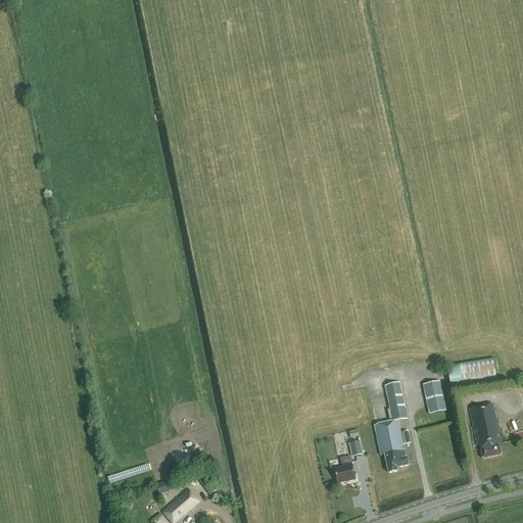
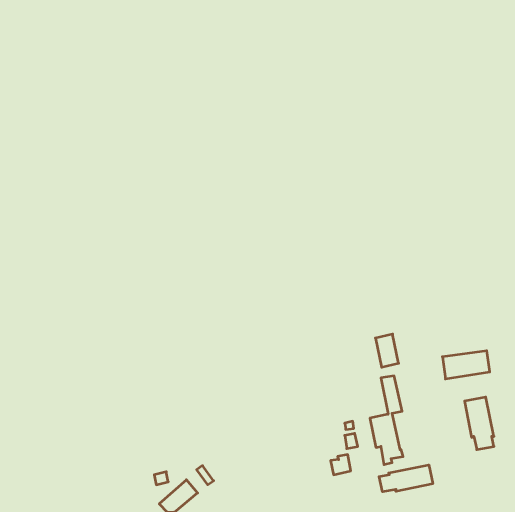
building: [423,379,446,413] -> [375,334,399,367]
building: none -> [379,465,433,492]

